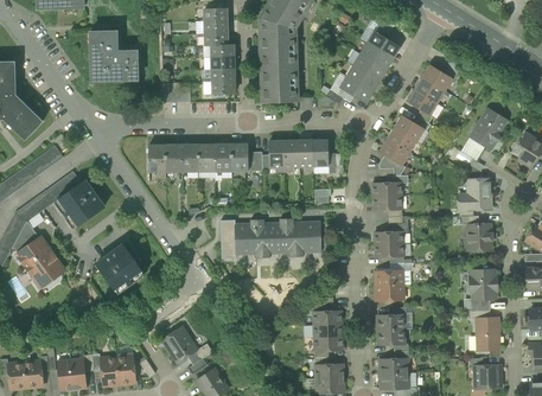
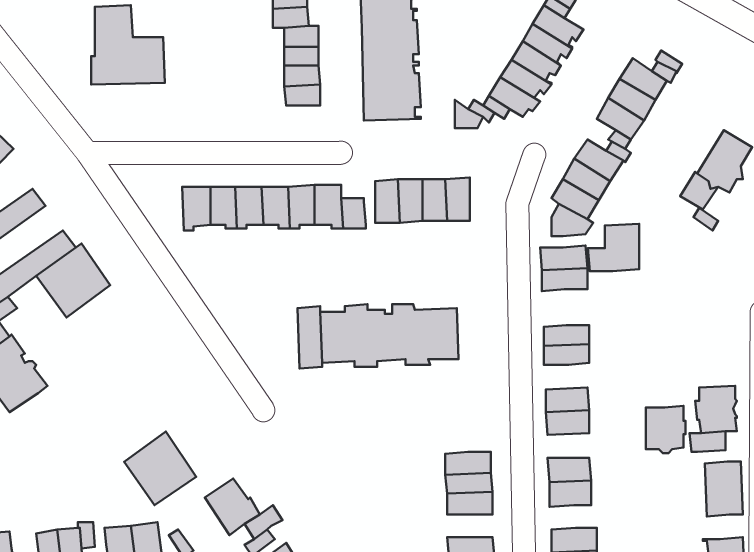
building: [458,179,490,209] -> [588,224,639,271]
building: [467,223,492,253] -> [646,406,685,453]
building: [97,244,142,290] -> [124,431,196,505]

